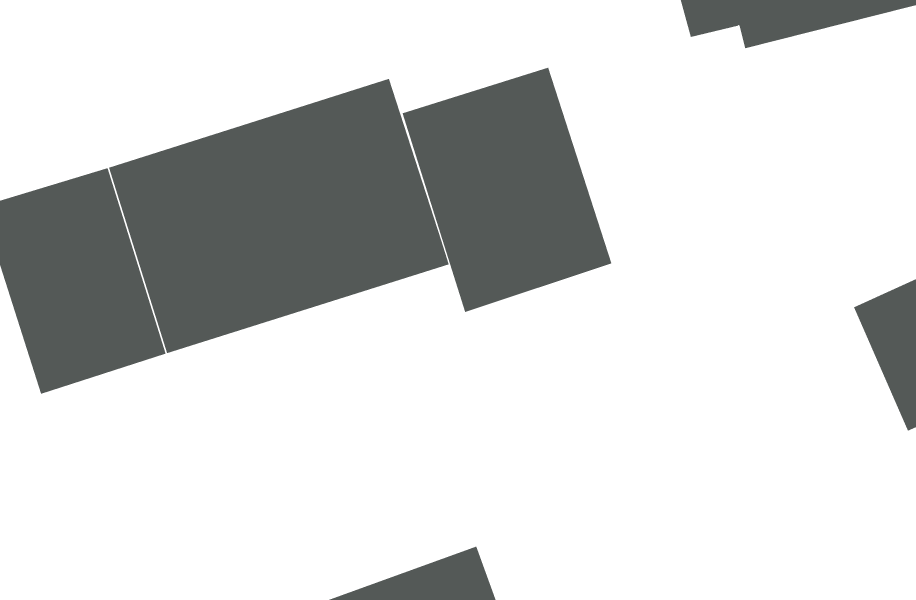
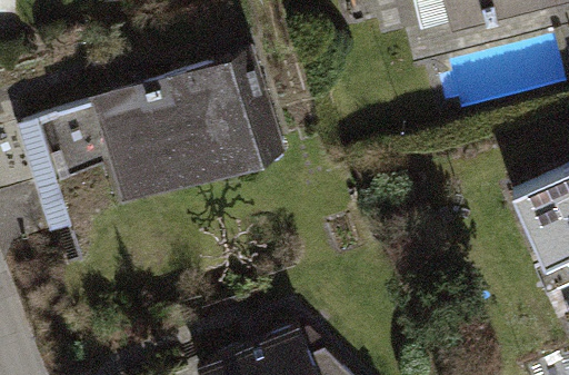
building: [402,67,612,313] -> none

